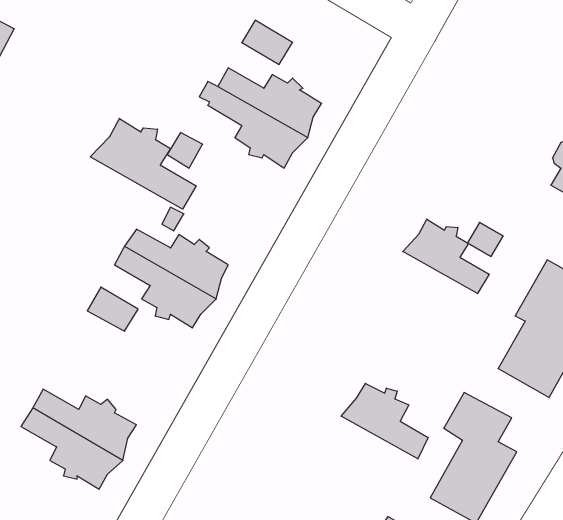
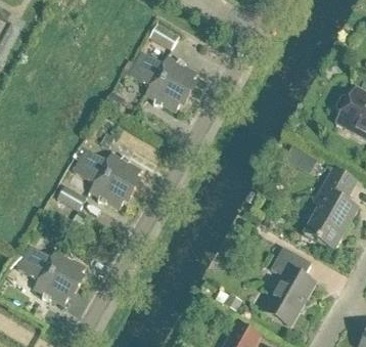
building: [90,118,196,209] -> none
building: [403,219,489,294] -> none
building: [341,383,428,459] -> none

